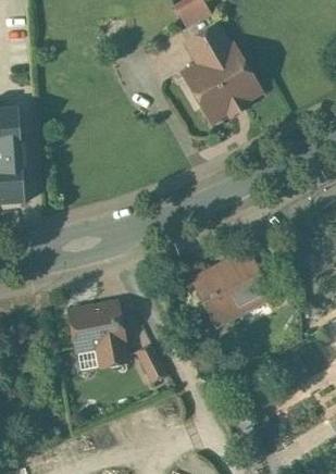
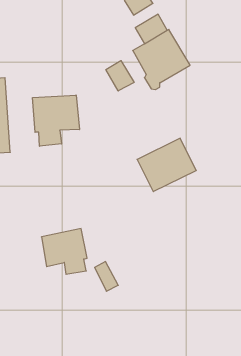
building: none -> [106,61,134,91]
building: none -> [33,95,79,146]
building: [192,253,269,322] -> [137,138,196,192]

